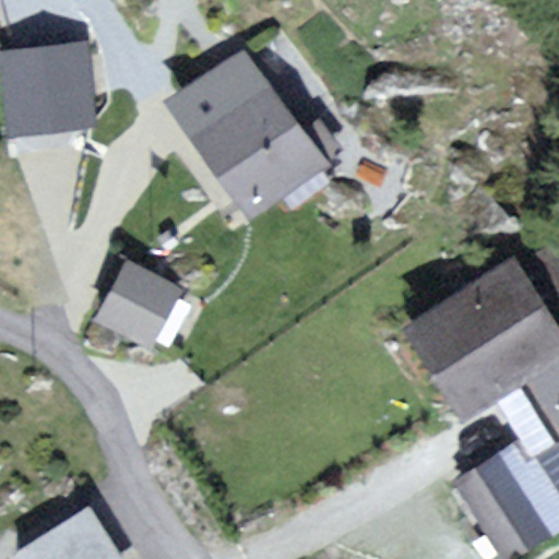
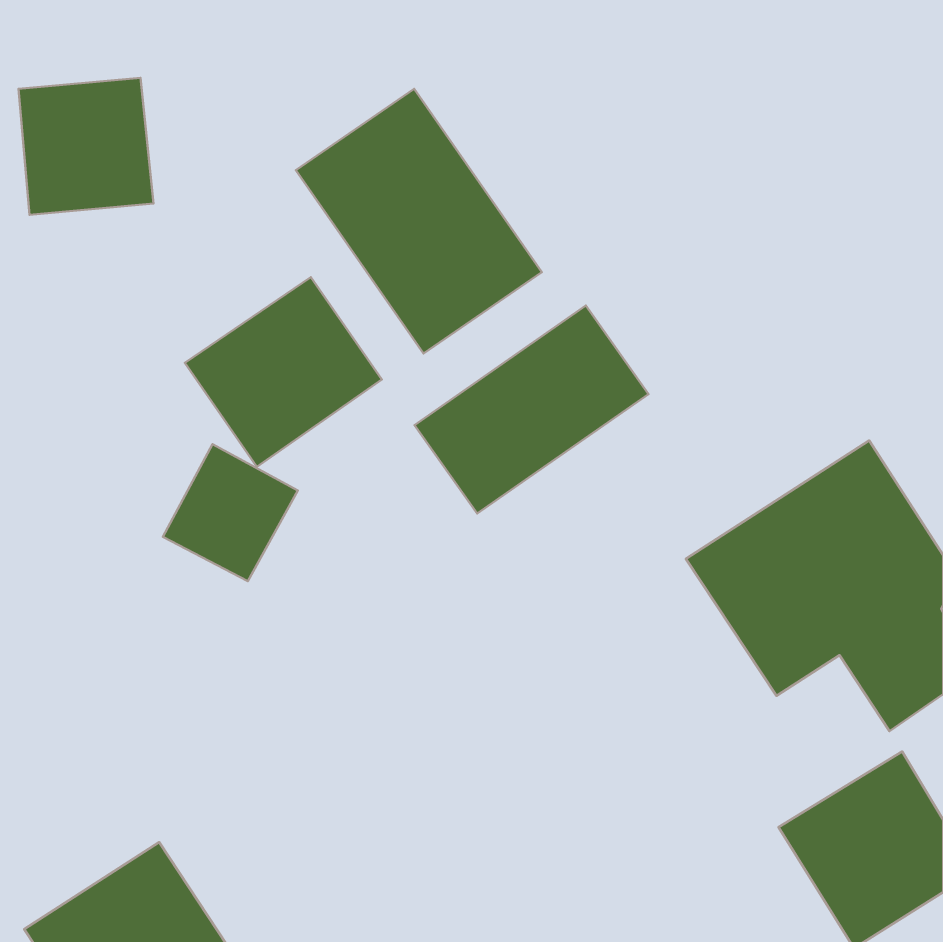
building: none -> [185,277,382,467]
building: none -> [415,306,648,513]

